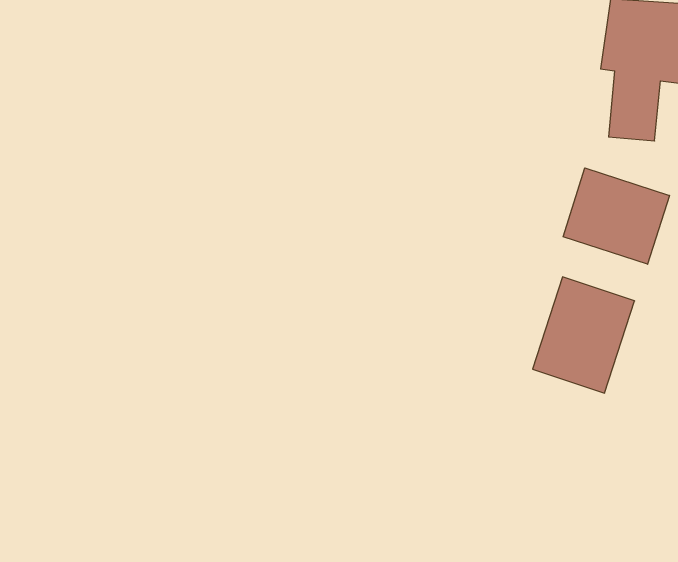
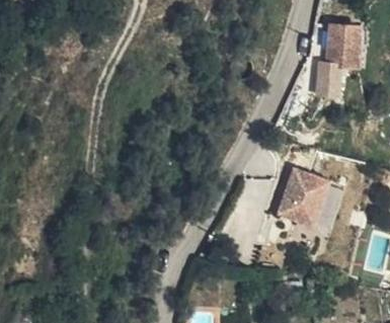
building: [563,168,669,264] -> none

